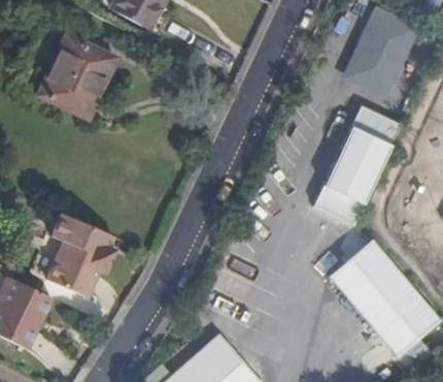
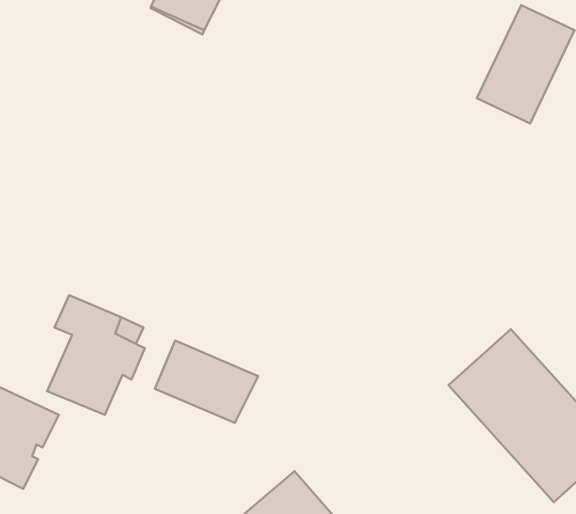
building: [43,37,123,120] -> none
building: [316,103,397,222] -> none
building: none -> [155,341,258,423]

